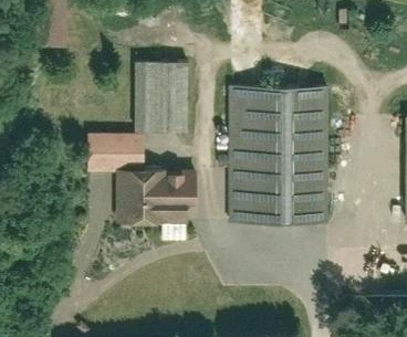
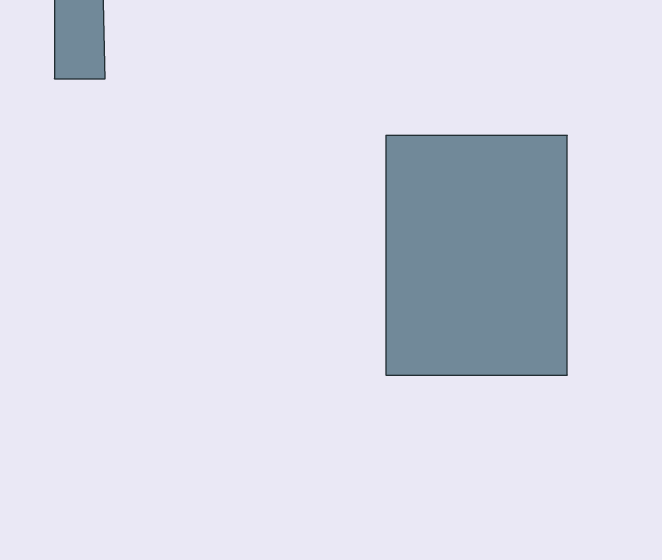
building: [133,61,185,130] -> none
building: [88,138,190,225] -> none

